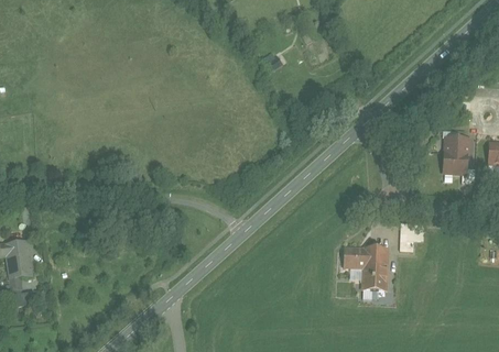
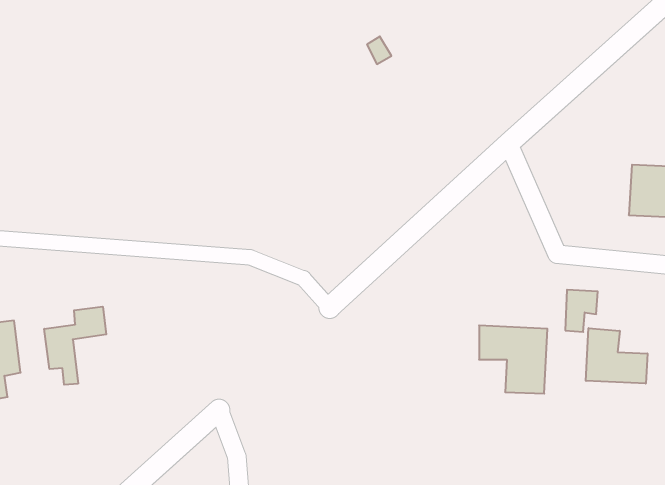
building: none -> [44,307,106,385]
building: none -> [586,328,647,384]

